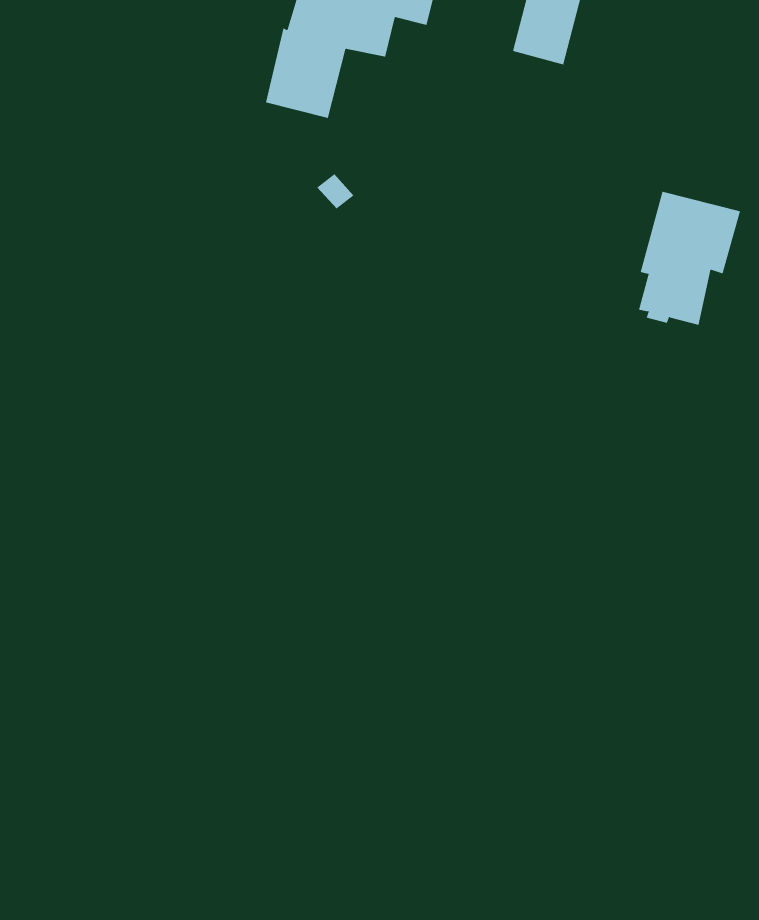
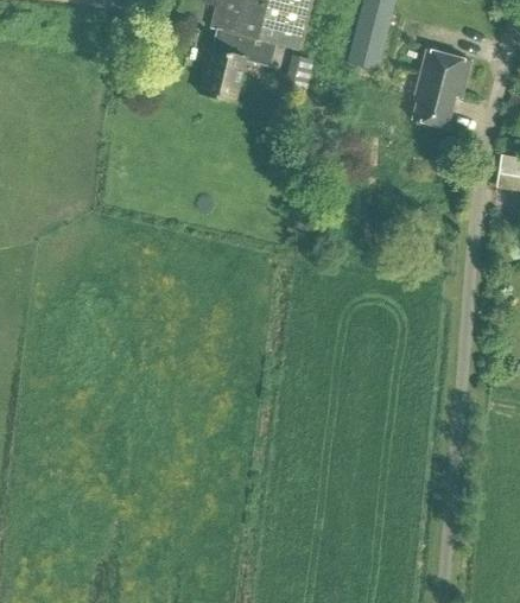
building: [638,191,741,326] -> [411,46,473,127]

